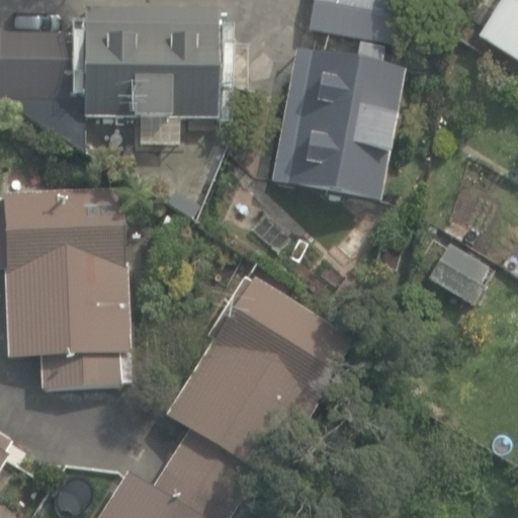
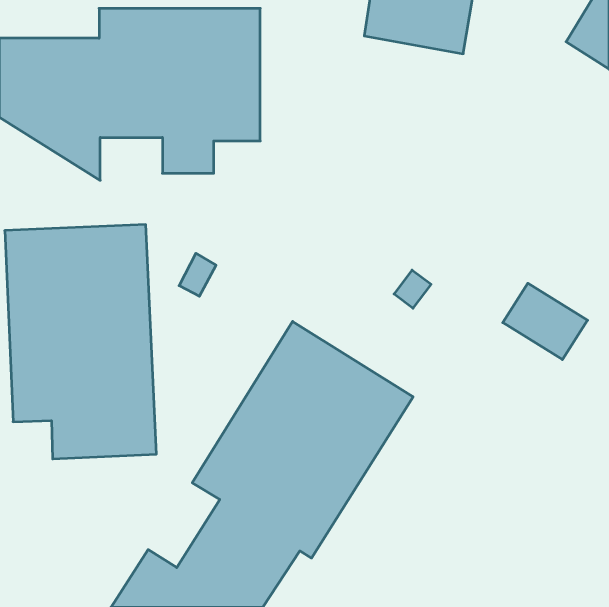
building: [273,44,404,200] -> none

